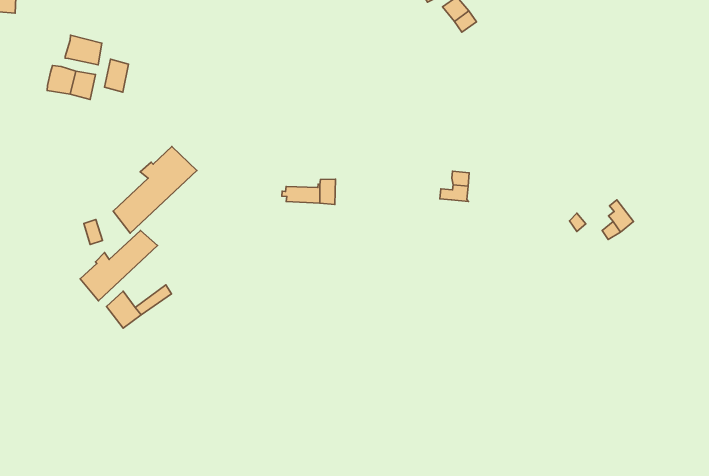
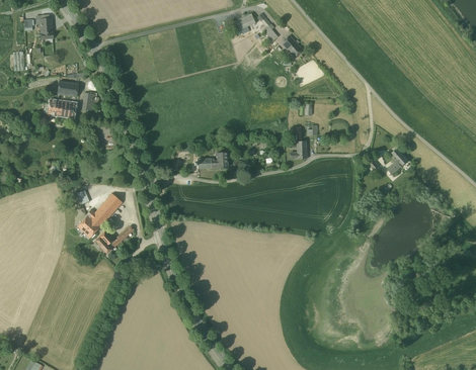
building: [113,147,197,233] -> none

